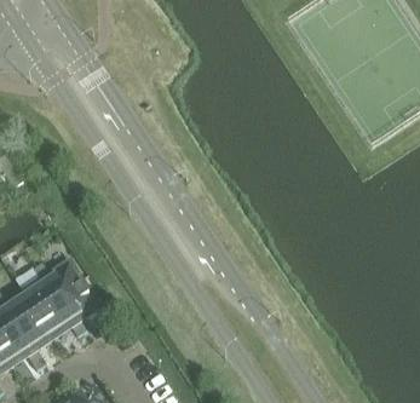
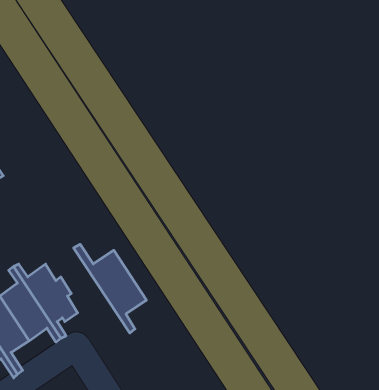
building: none -> [74,244,146,333]

